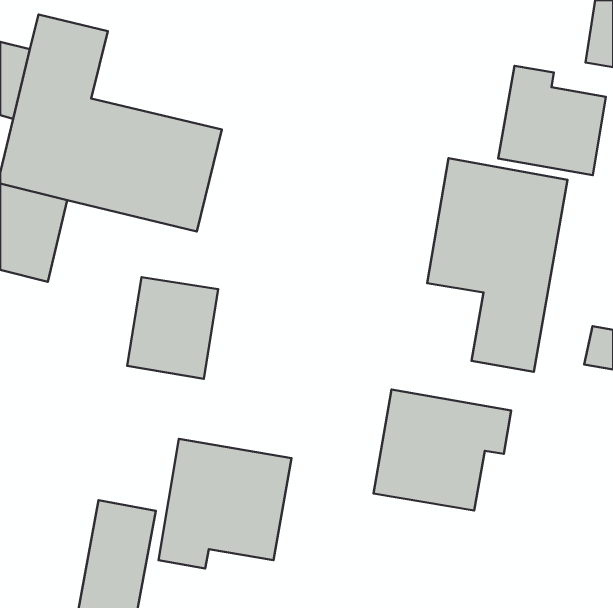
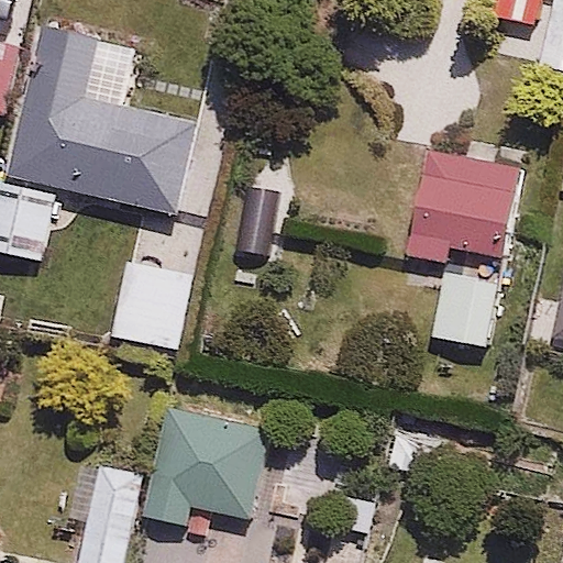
building: [498,66,606,175] -> none
building: [373,389,511,511] -> none

